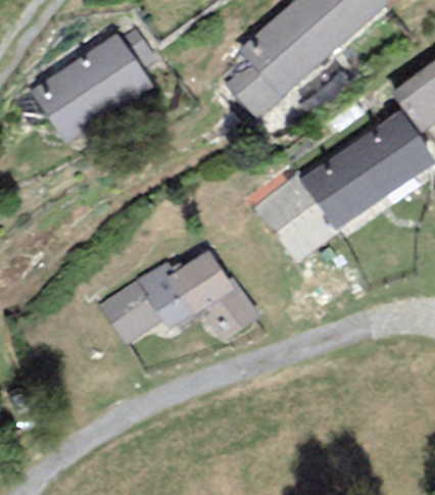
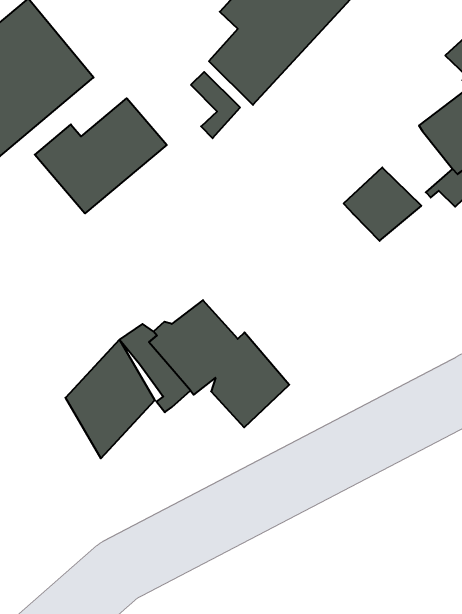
building: none -> [35,98,167,213]
building: [255,175,337,263] -> none

